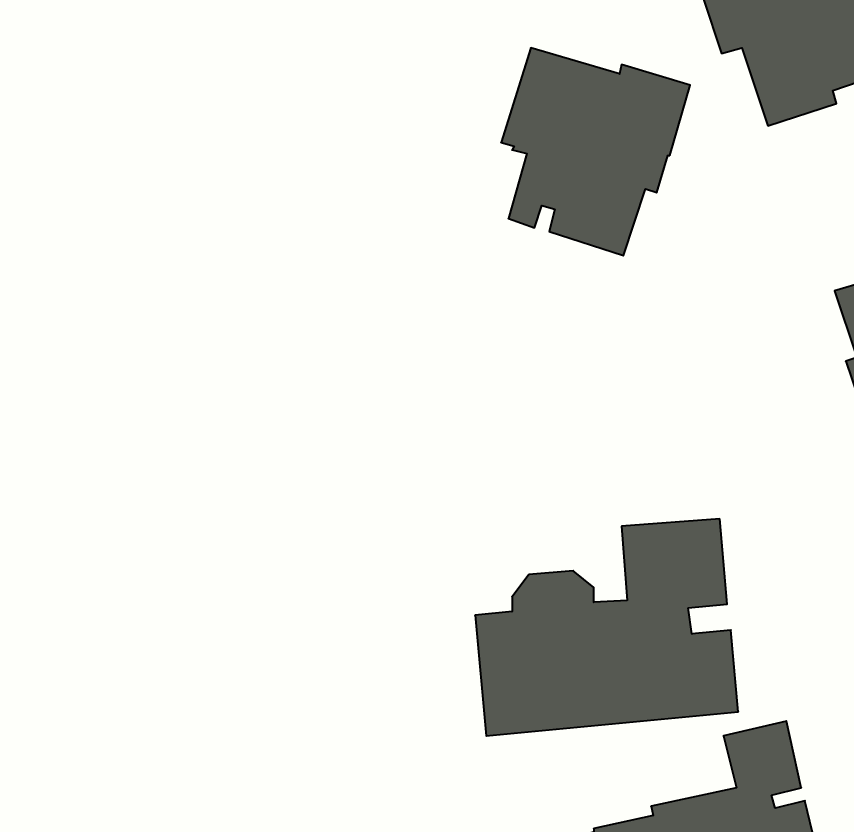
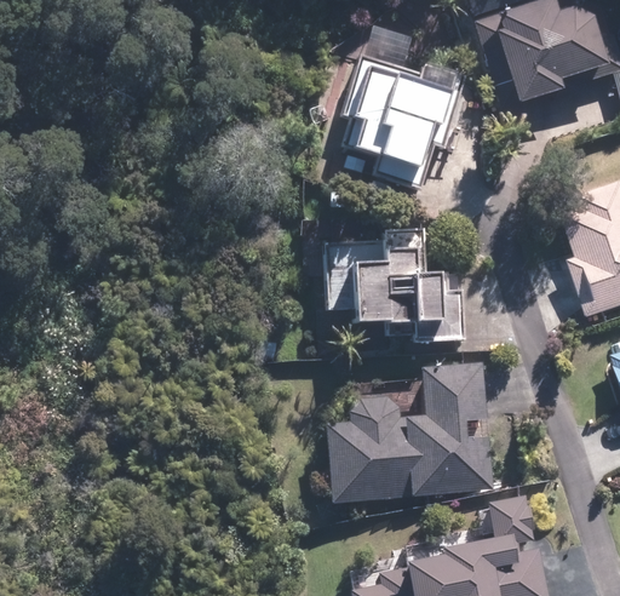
building: none -> [325,227,469,343]

